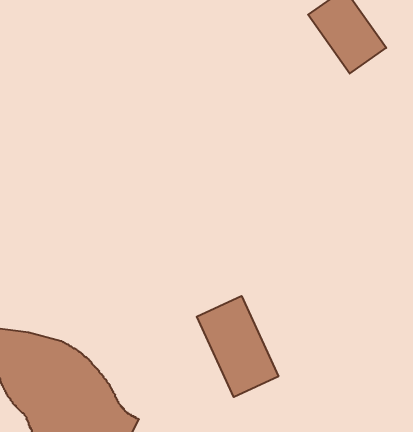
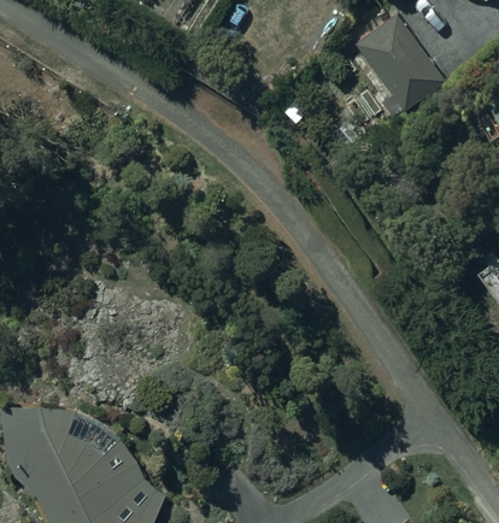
building: [197,296,278,397] -> none

